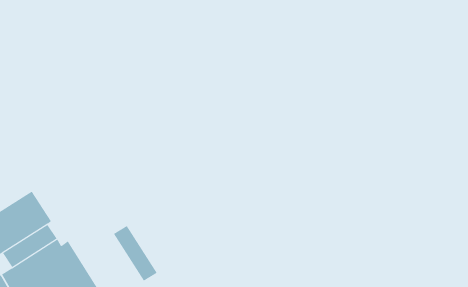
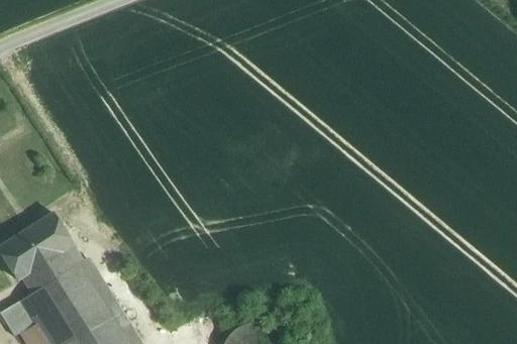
building: [113,225,157,281] -> none

